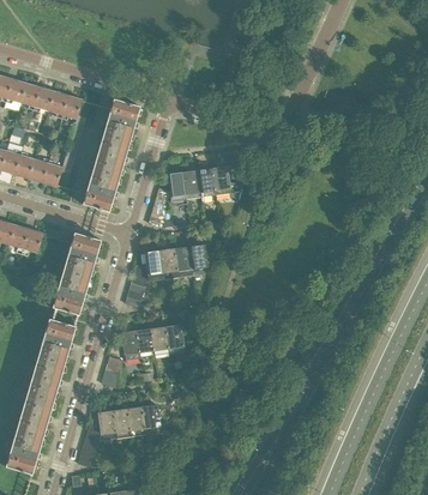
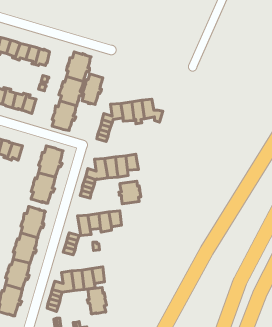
building: none -> [82,74,103,105]
building: none -> [119,181,141,204]
building: none -> [87,288,106,314]

